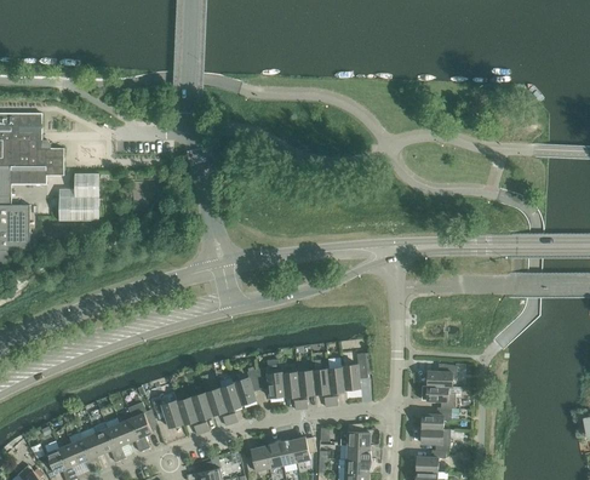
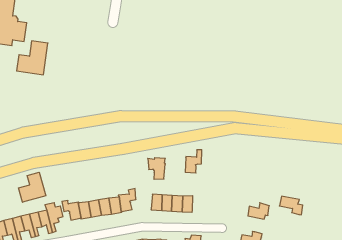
building: [342,353,366,389] -> [185,150,202,173]
building: none -> [19,172,46,202]
building: [256,365,283,398] -> [148,158,165,179]
building: [420,385,454,408] -> [279,196,303,215]

